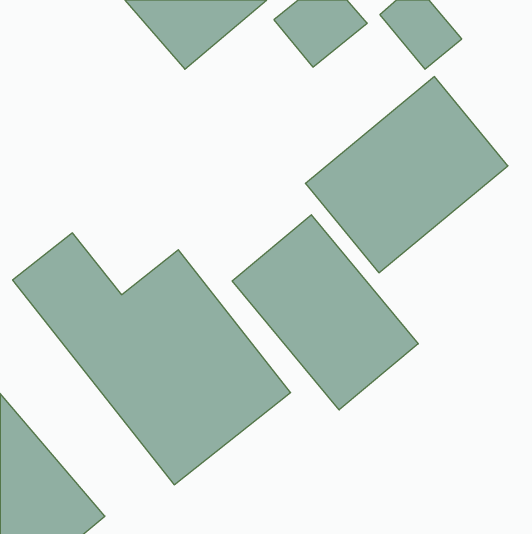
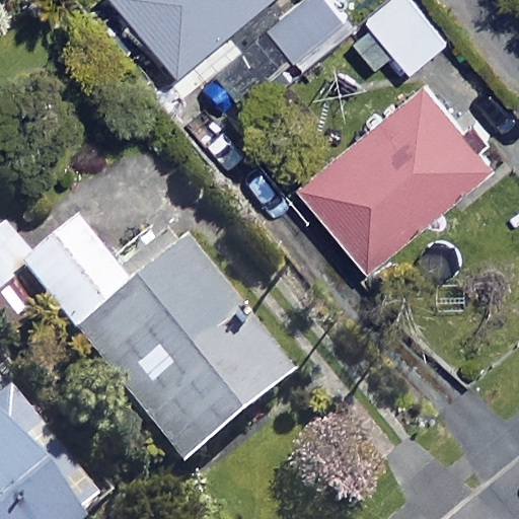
building: [232,215,418,410] -> none

